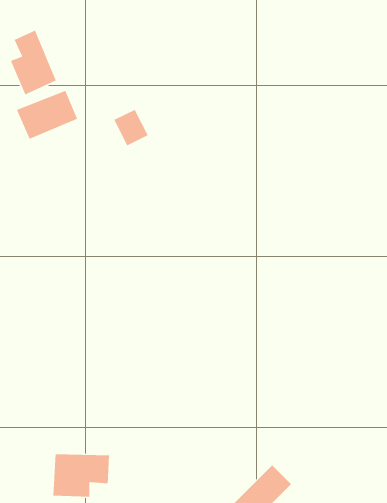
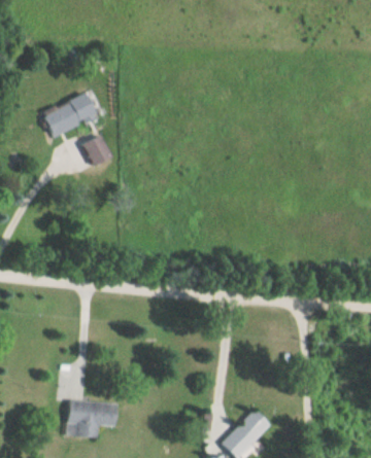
building: [10,30,57,96] -> none
building: [113,109,149,147] -> [80,133,110,165]

